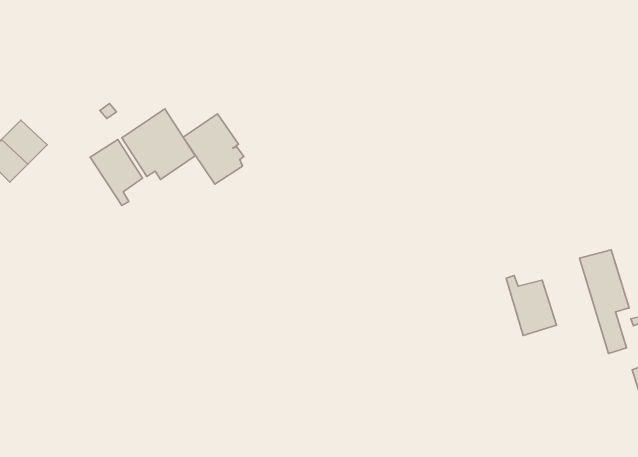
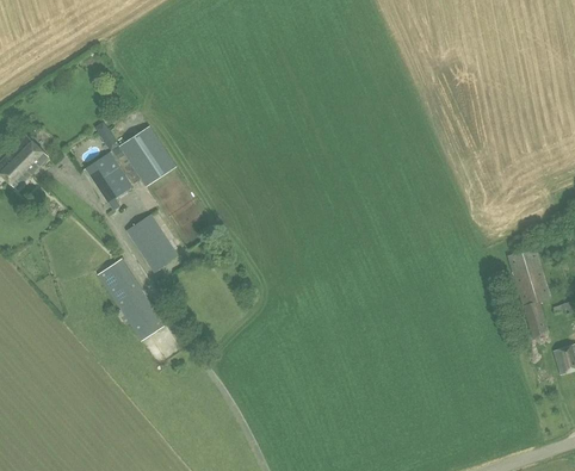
building: [183,114,244,184] -> [126,210,179,271]
building: none -> [98,259,165,340]
building: [506,276,556,335] -> none

